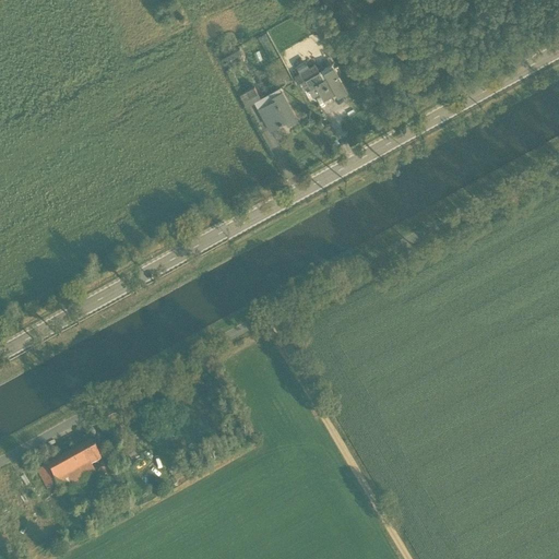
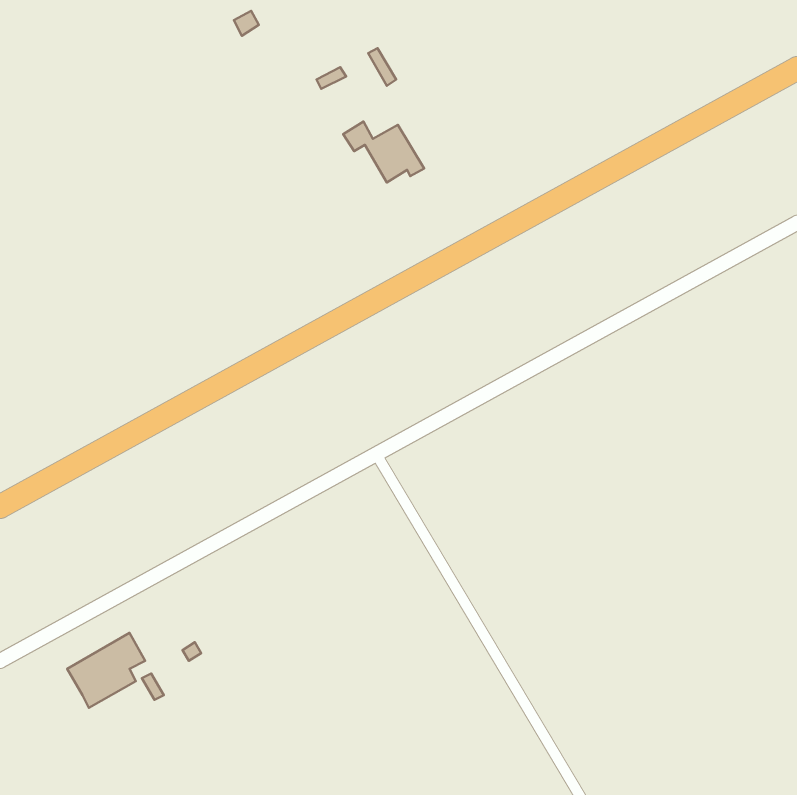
building: [293,64,346,99] -> none

